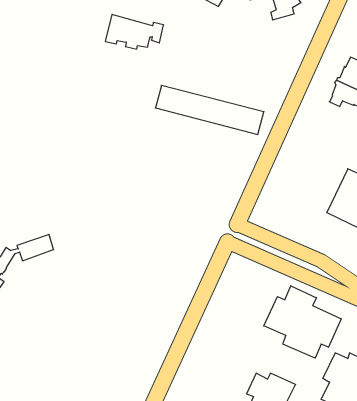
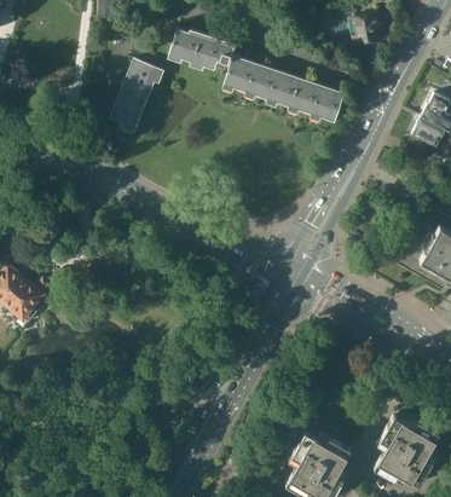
building: none -> [111,58,163,127]
building: [155,85,264,134] -> [224,58,342,120]
building: [264,286,341,358] -> none

